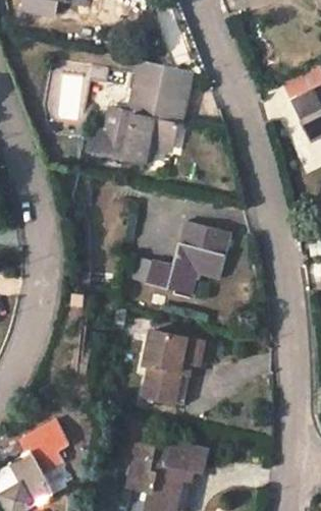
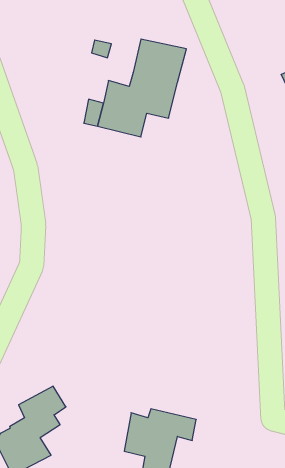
building: [147,219,233,292] -> none
building: [141,327,200,399] -> none

